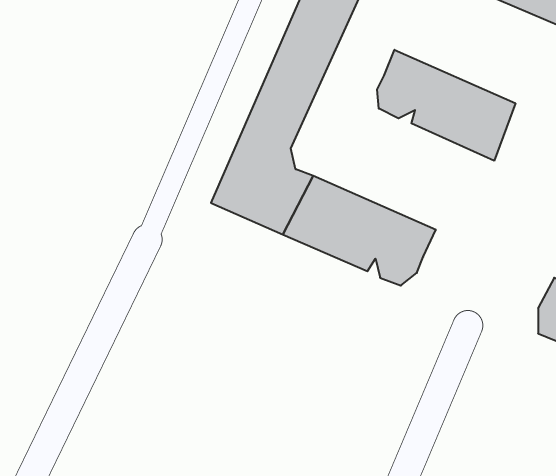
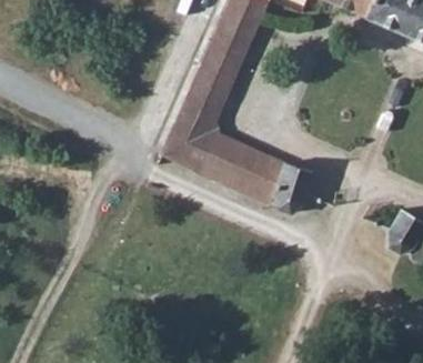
building: [377,50,515,161] -> none

